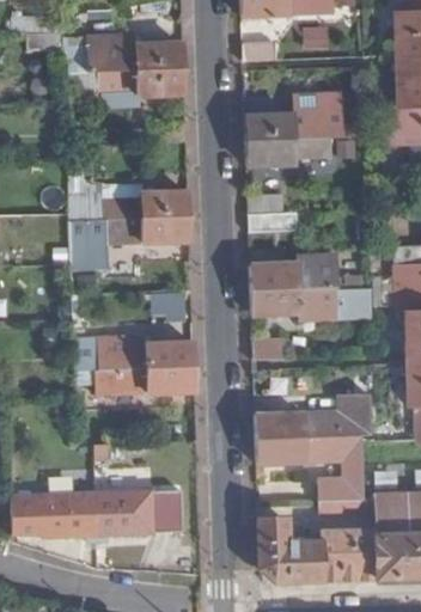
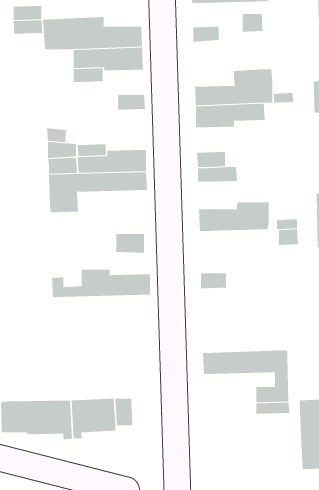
building: [252,288,336,320] -> none
building: [74,367,195,394] -> none
building: [256,394,371,437] -> none
building: [258,519,377,582] -> none

